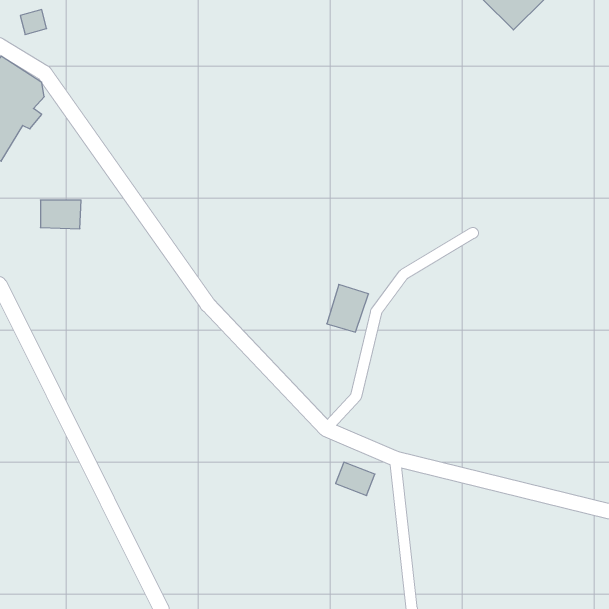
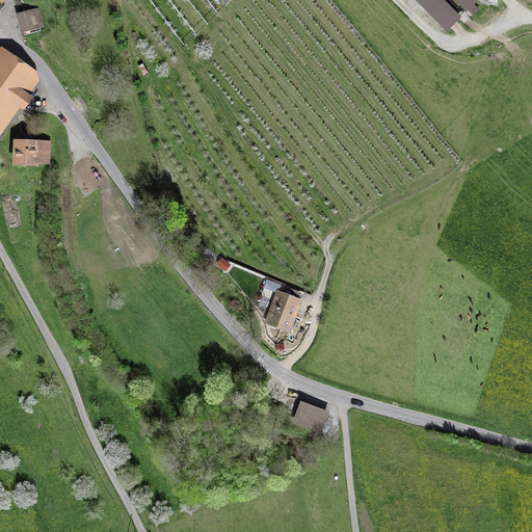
building: [40,200,81,229] -> [15,140,50,165]
building: [327,284,369,332] -> [264,289,300,330]

